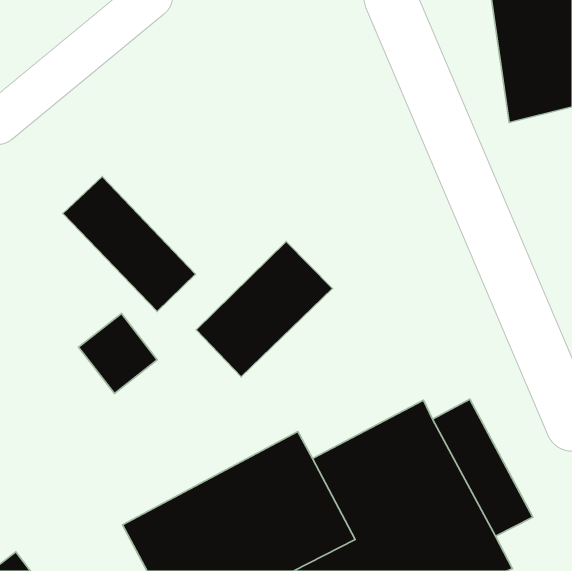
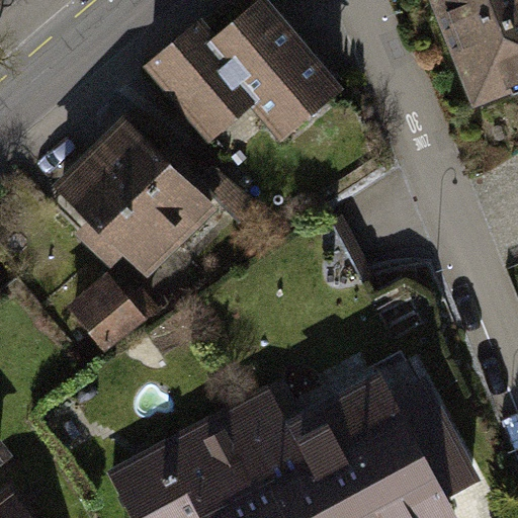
building: none -> [149,4,341,145]
building: none -> [92,125,211,247]
building: [196,241,333,377] -> none

